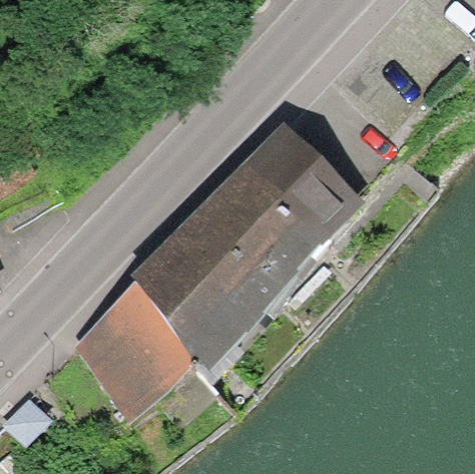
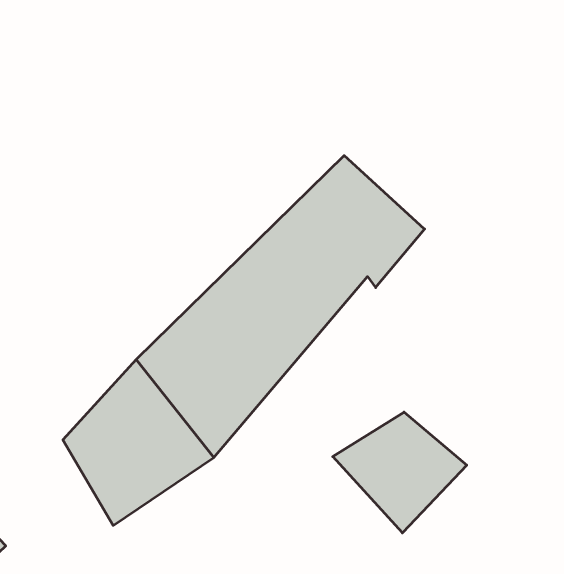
building: none -> [333,412,467,533]

